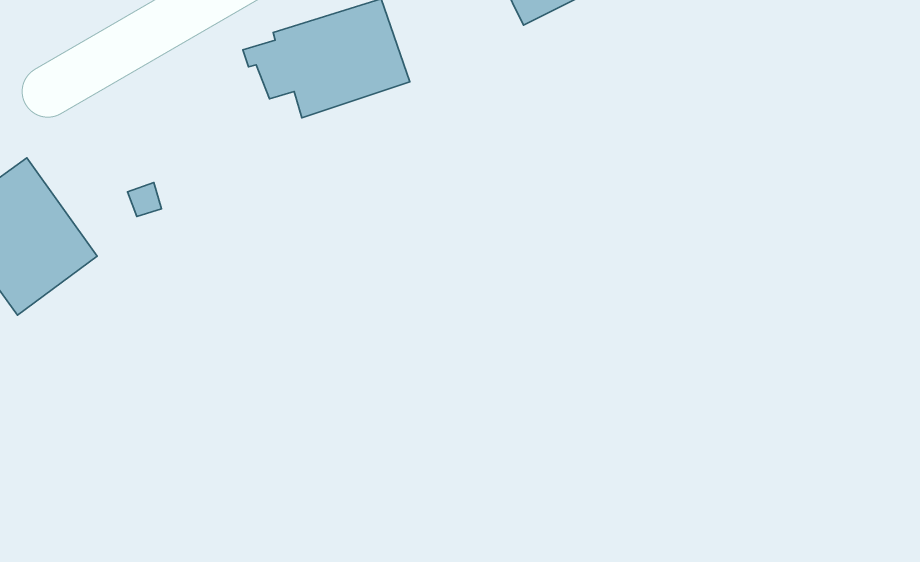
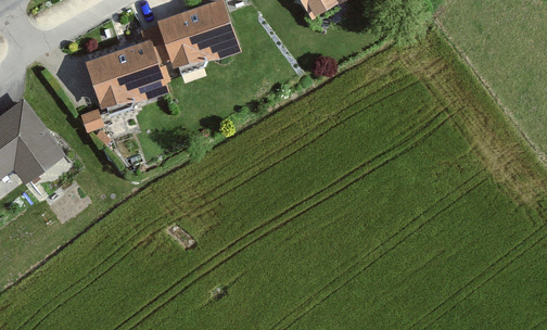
building: none -> [88,40,167,106]

